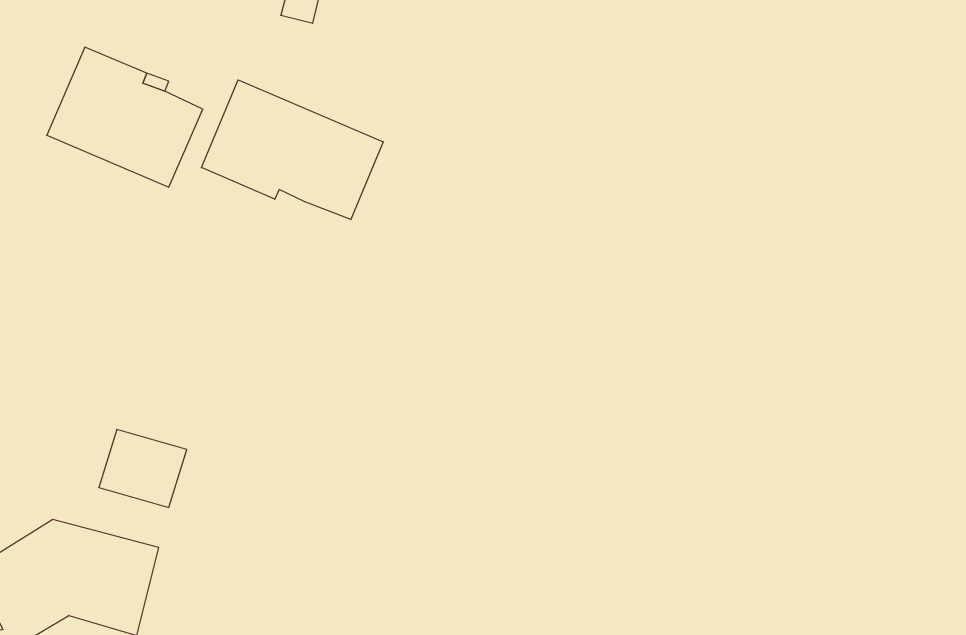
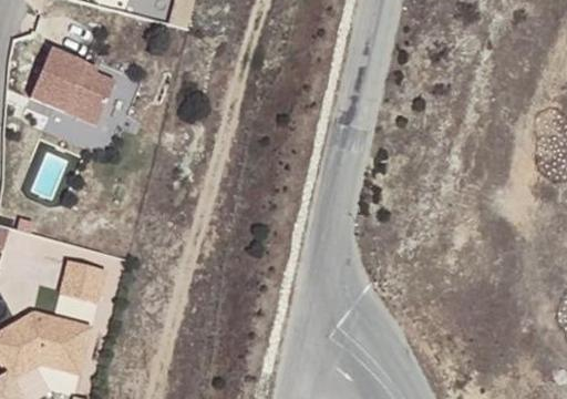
building: [201,80,383,220] -> none

